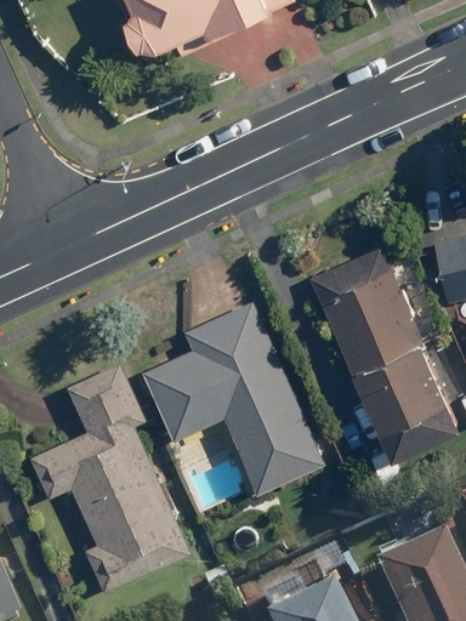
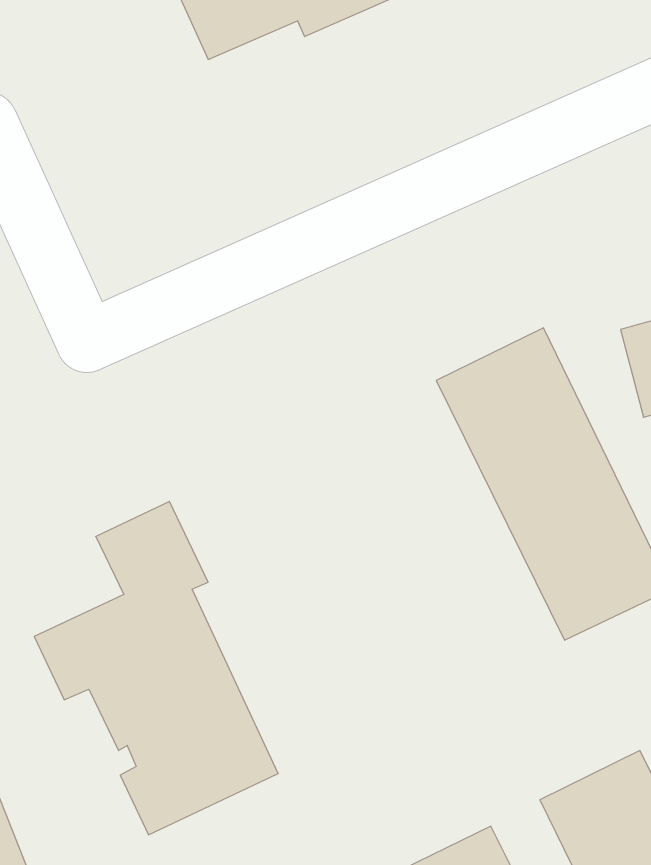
building: [141,292,330,491] -> none

